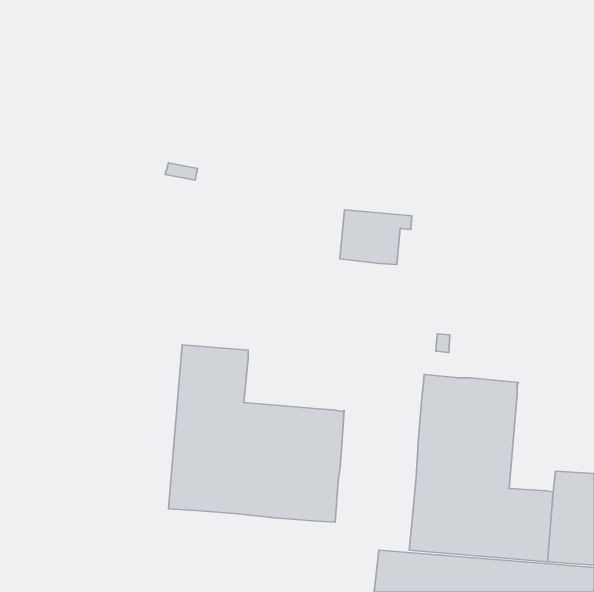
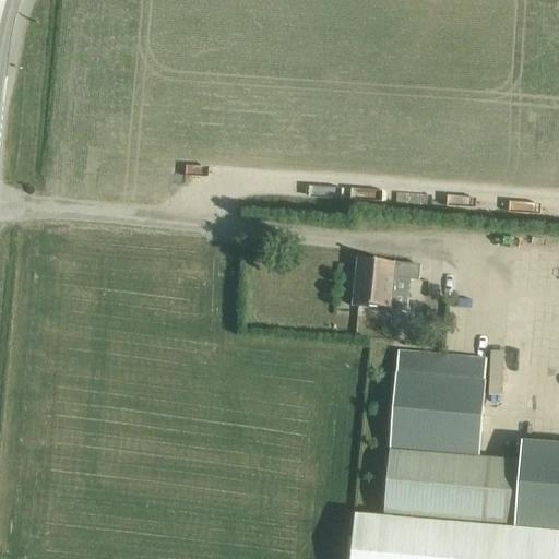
building: [340,210,412,265] -> [353,260,420,311]
building: [169,345,344,522] -> none

